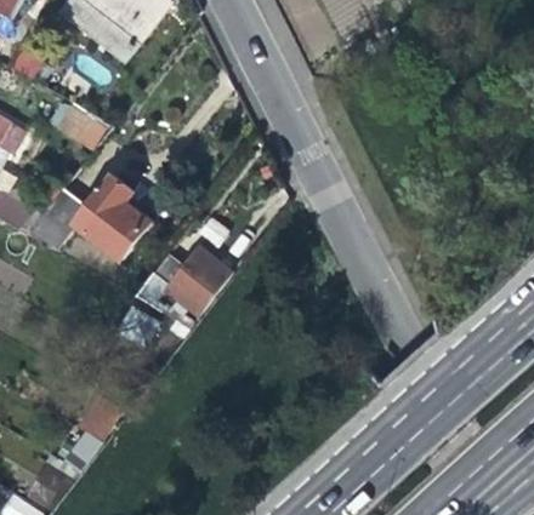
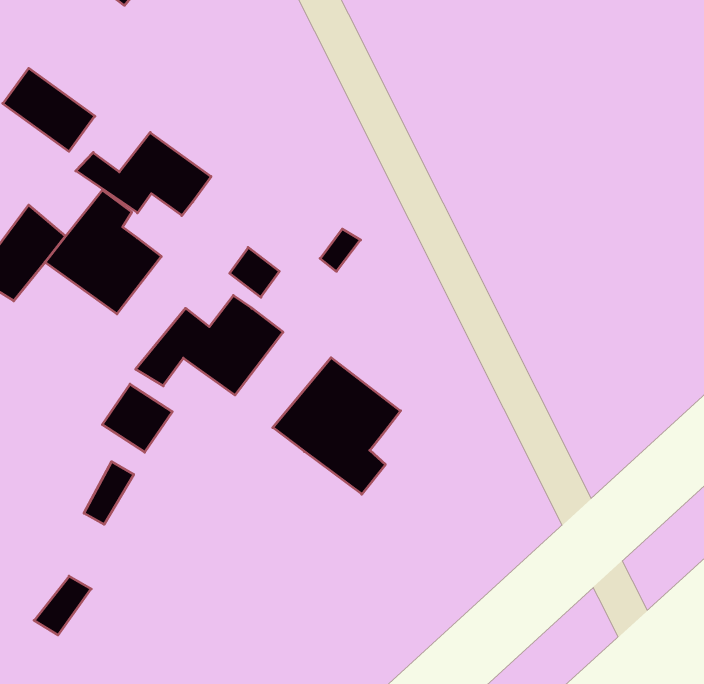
building: none -> [76,132,211,216]
building: none -> [273,358,401,494]

